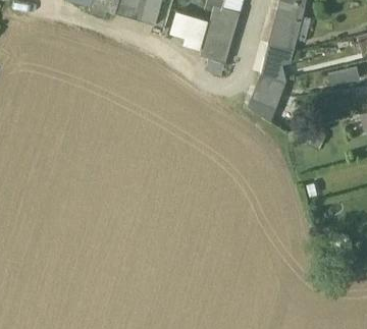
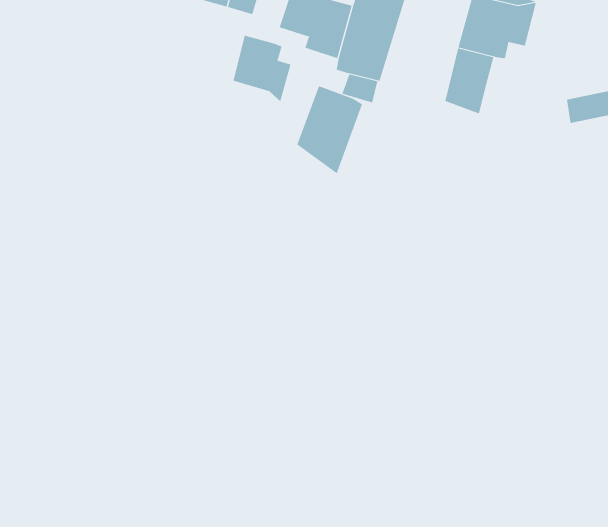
building: none -> [233,35,291,102]
building: [248,74,284,123] -> [297,86,363,174]

